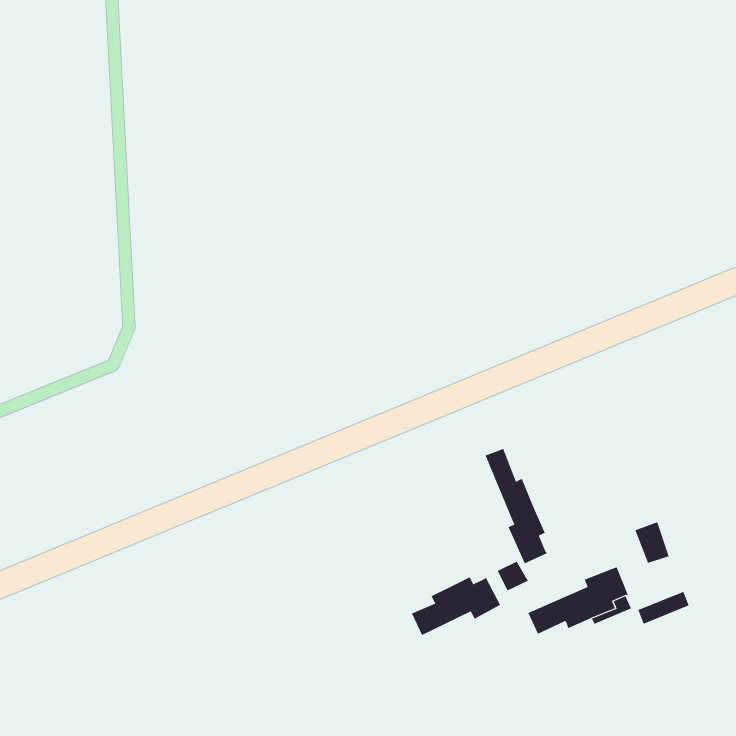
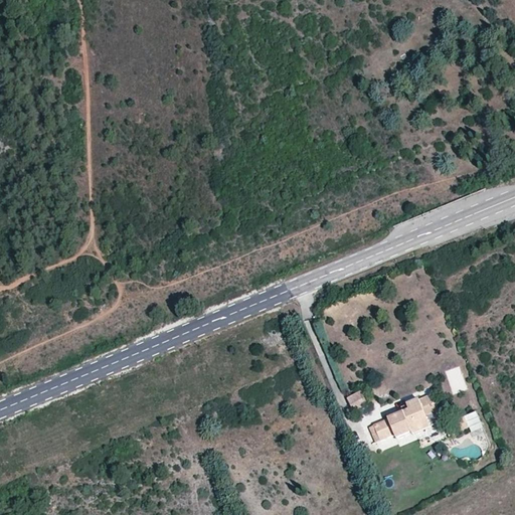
building: [485,448,548,564] -> none
building: [411,576,501,636] -> none

